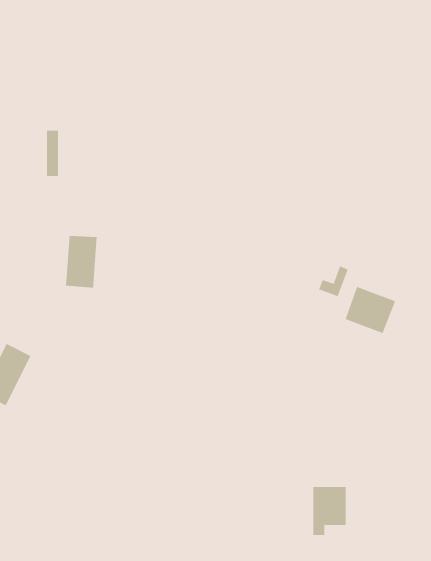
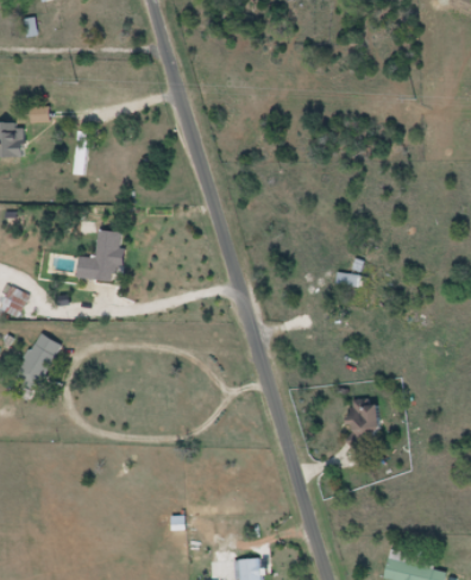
building: [345,286,396,334] -> none
building: [313,487,346,535] -> [350,401,382,447]

